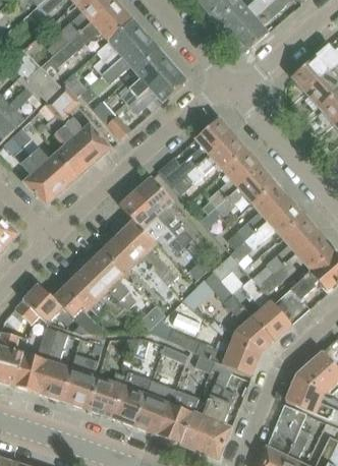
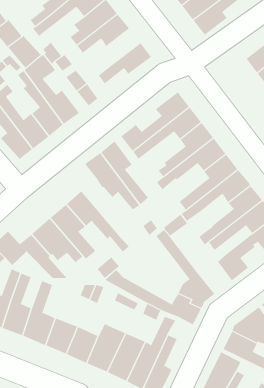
building: [120,50,174,105] -> none
building: [118,220,176,285] -> none
building: [242,278,292,340] -> none

